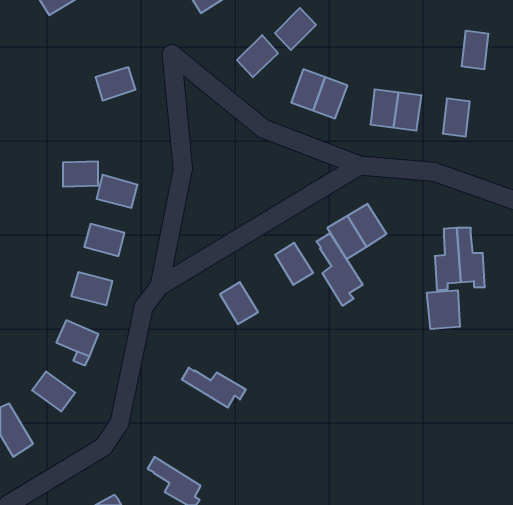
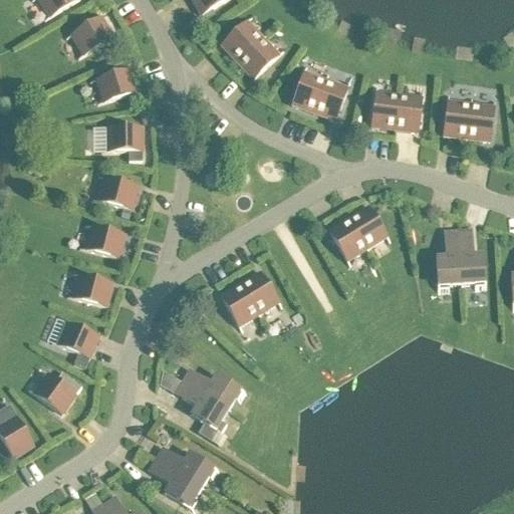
building: [275,8,316,50] -> [221,18,262,60]
building: none -> [70,14,113,53]
building: [461,31,489,69] -> [466,101,493,140]
building: [63,161,98,187] -> [106,124,142,150]
building: [316,233,363,306] -> none
building: [275,243,313,285] -> [240,270,278,312]
building: [427,290,460,329] -> none
building: none -> [175,379,228,431]
building: none -> [155,446,219,486]

